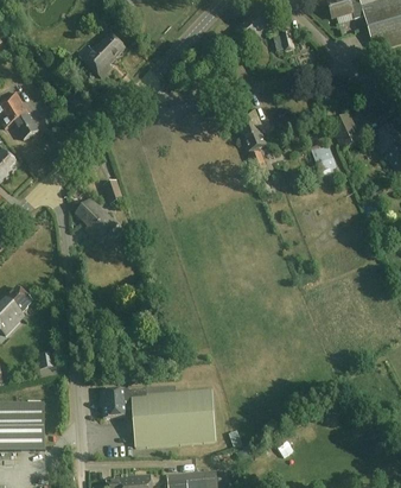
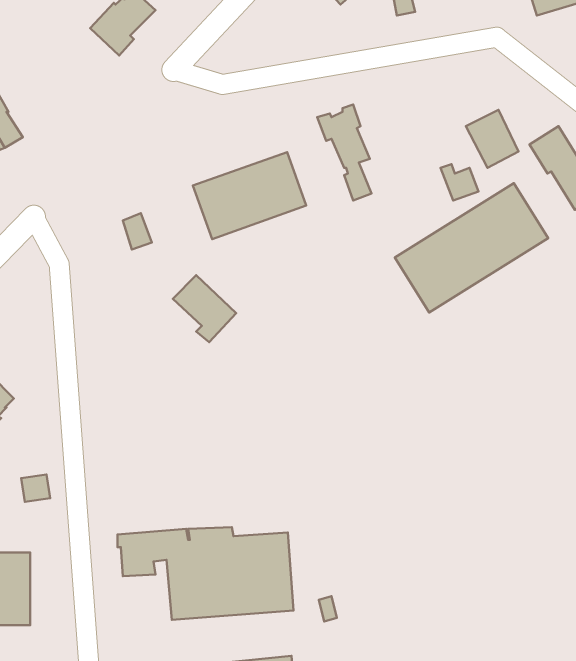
building: none -> [193,152,306,239]
building: none -> [395,183,548,313]
building: [75,198,116,242] -> [173,275,236,342]

